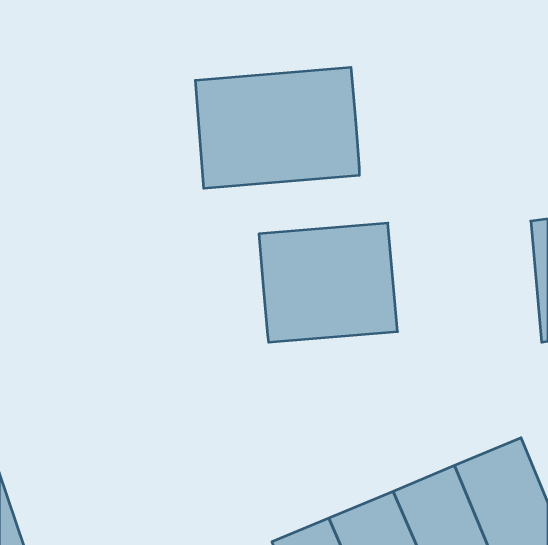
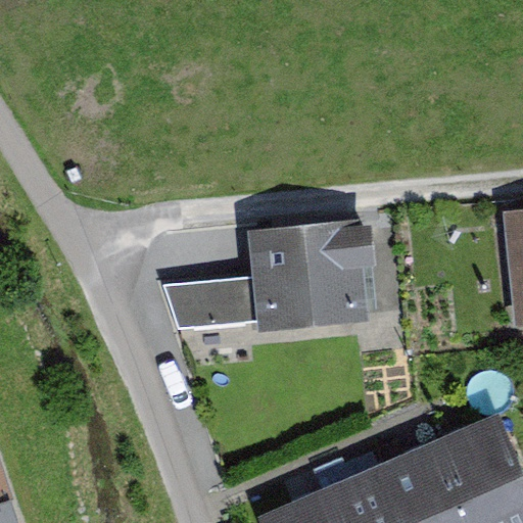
building: [195,67,359,188] -> none
building: none -> [162,276,254,328]

